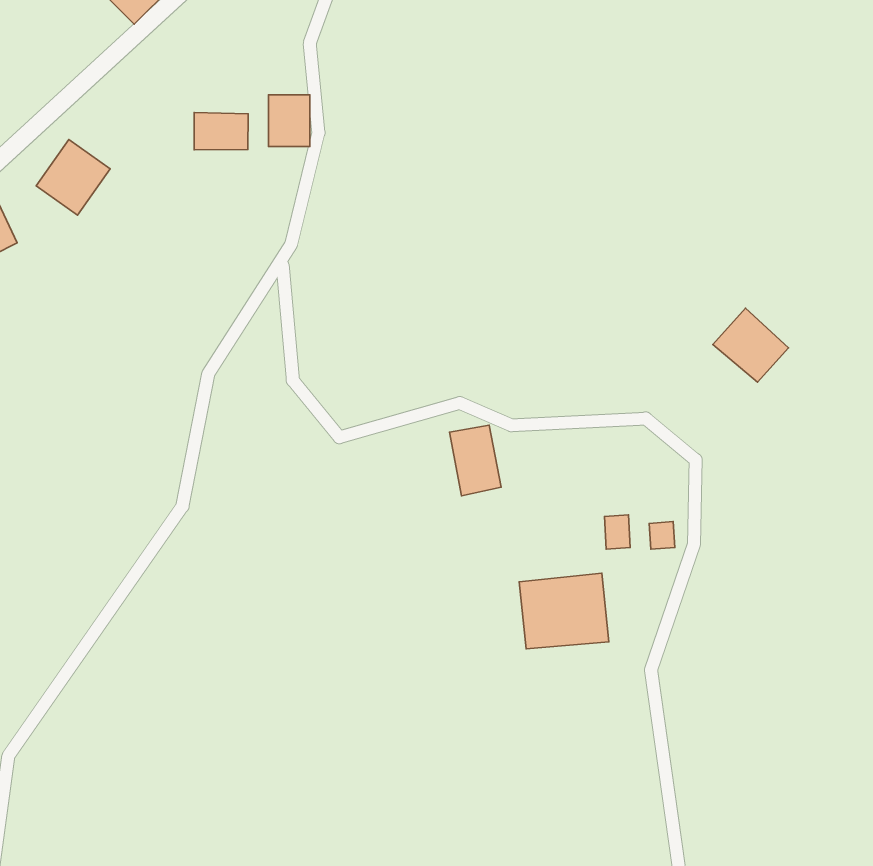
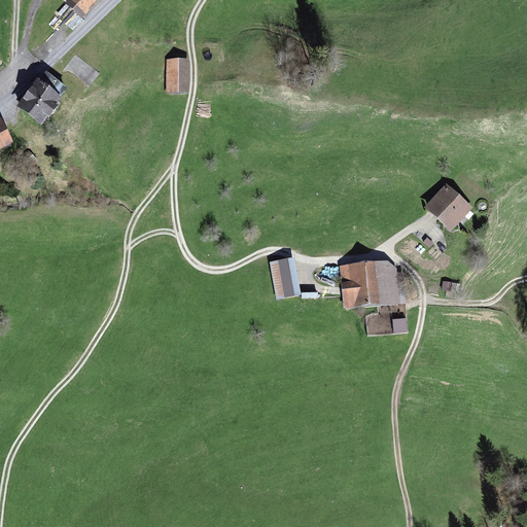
building: [194,112,248,150] -> none
building: [519,573,609,649] -> [341,259,394,305]

